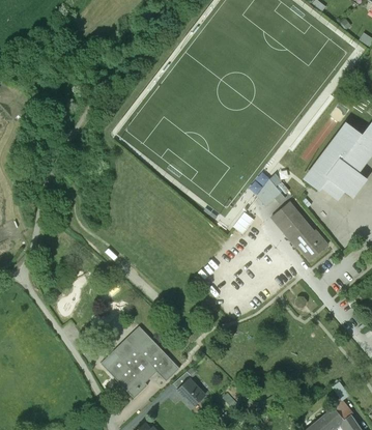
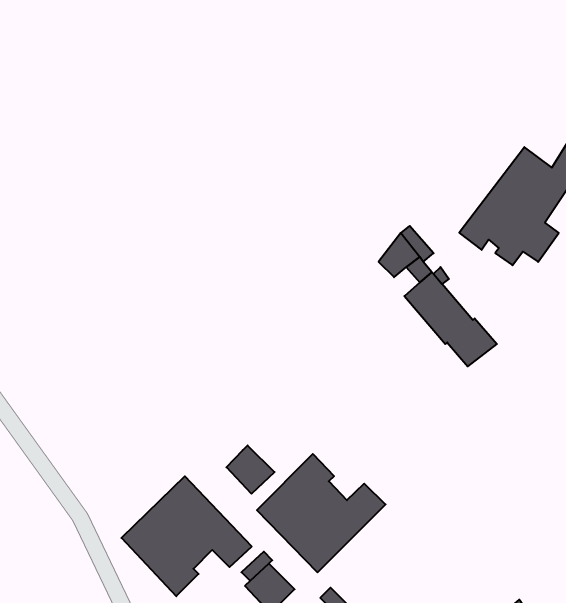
building: none -> [226,445,275,494]
building: none -> [257,454,386,572]

